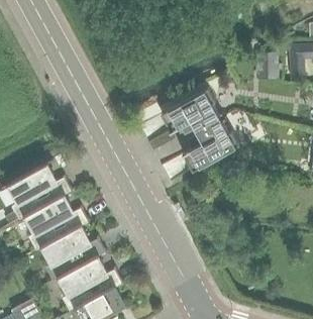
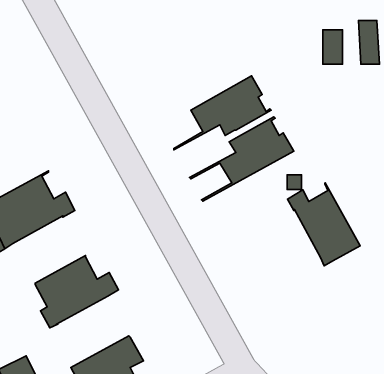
building: none -> [288,183,360,266]
building: [24,195,89,250] -> none
building: [58,256,122,311] -> none

